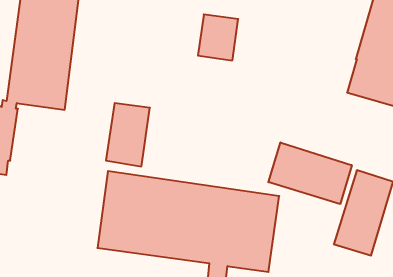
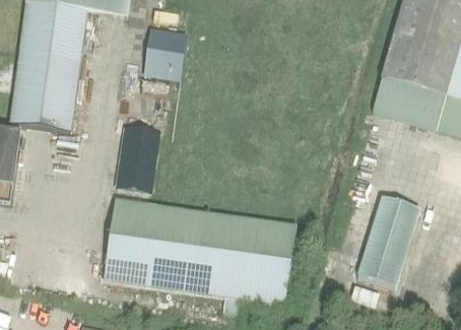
building: [198,14,238,60] -> [143,29,186,78]
building: [268,142,352,204] -> none

